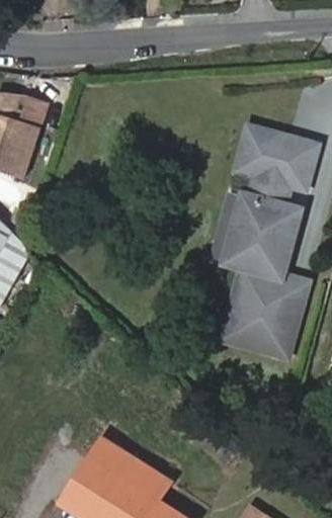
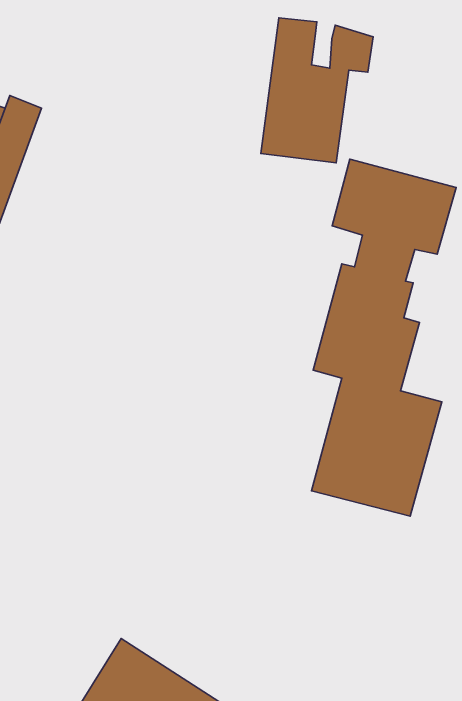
building: none -> [261,18,373,163]

